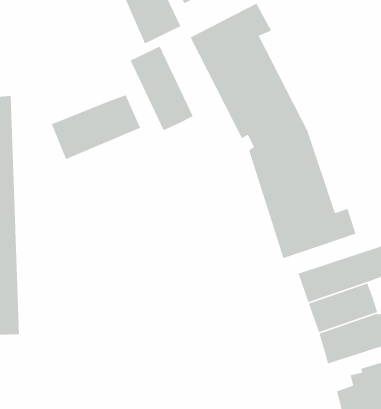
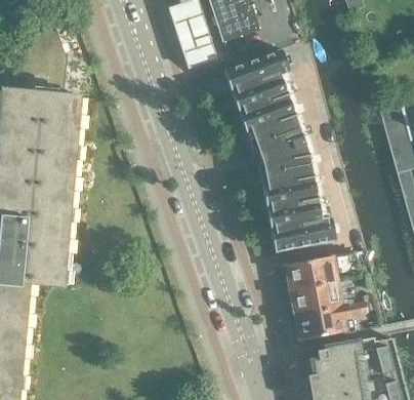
building: [129,45,194,131] -> none
building: [51,94,141,160] -> none

